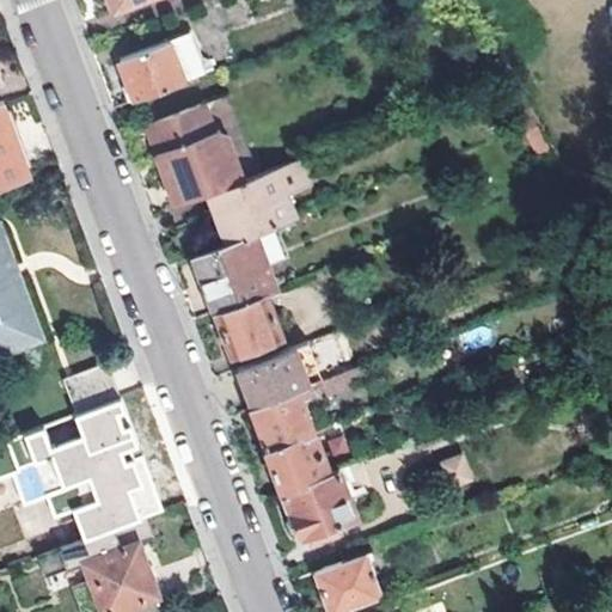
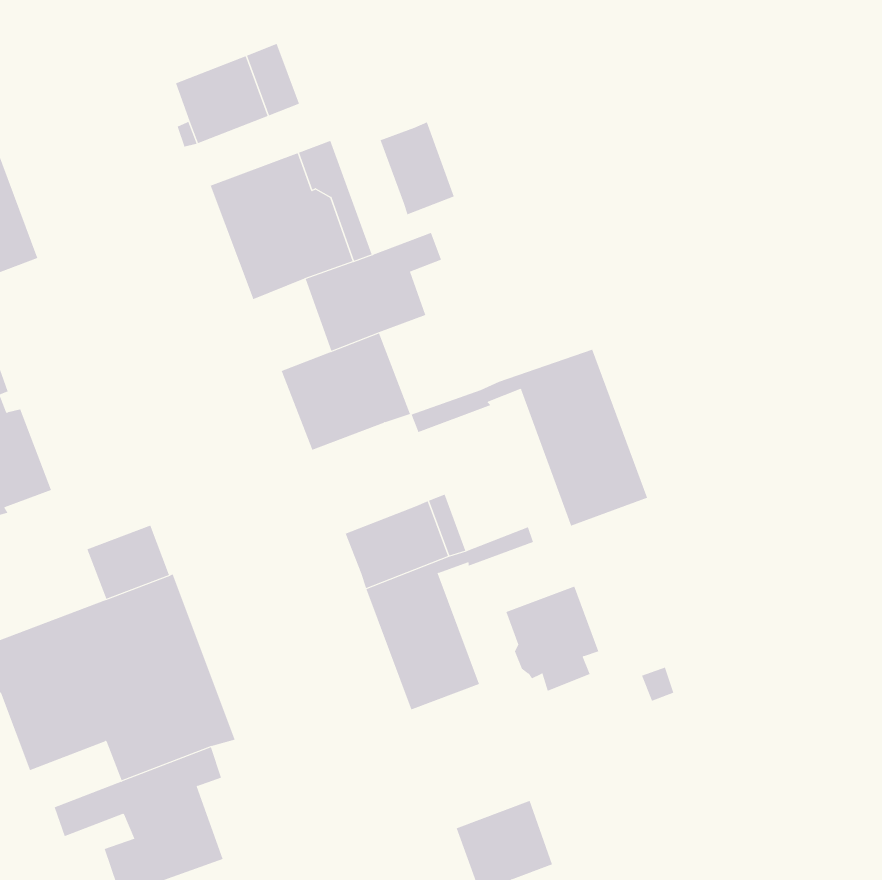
building: none -> [380,122,454,215]
building: none -> [411,349,648,526]
building: [215,295,282,360] -> none
building: [283,476,348,549] -> [506,586,599,691]

